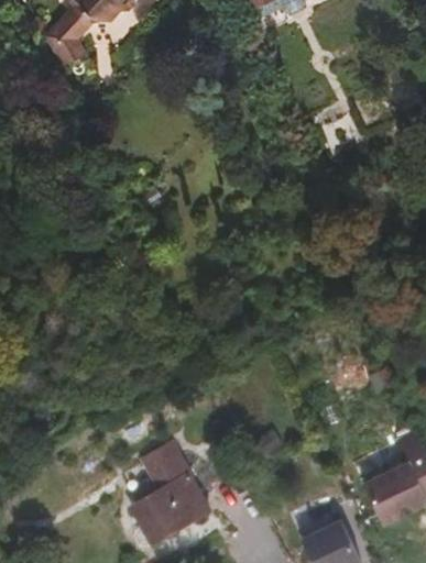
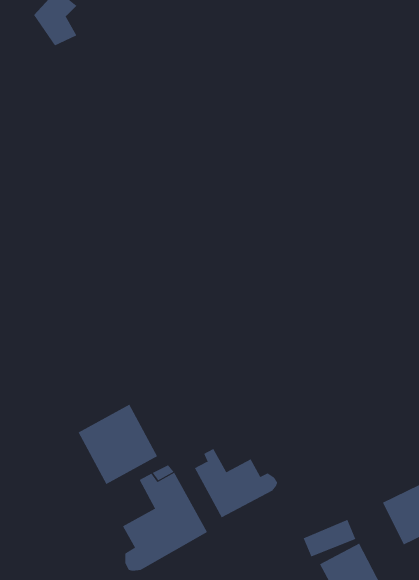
building: none -> [78,404,158,485]
building: none -> [194,448,278,518]

